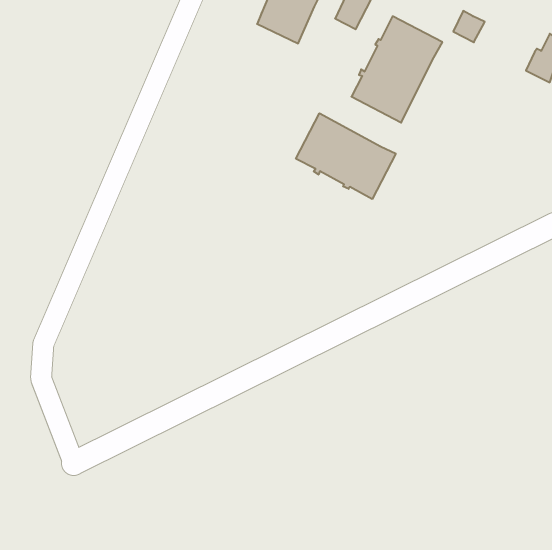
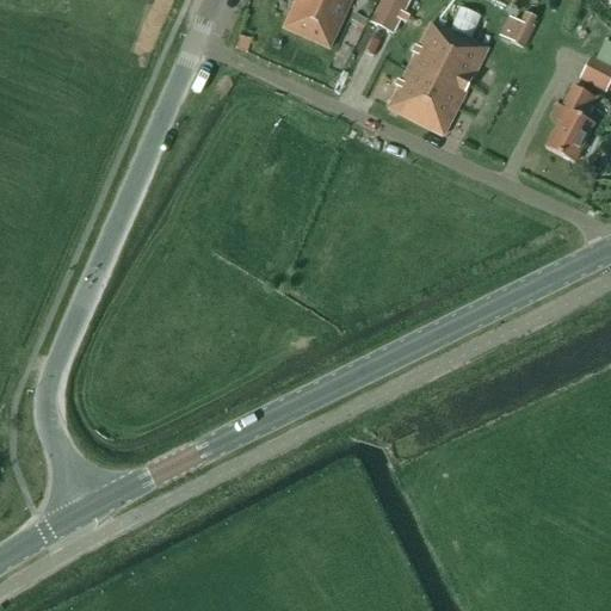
building: none -> [547,84,597,161]
building: [296,113,396,199] -> none

